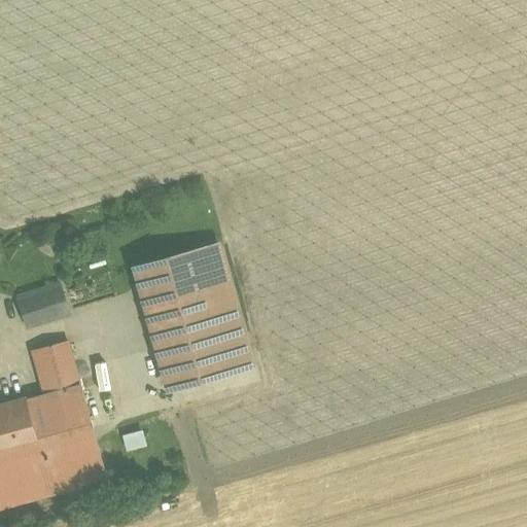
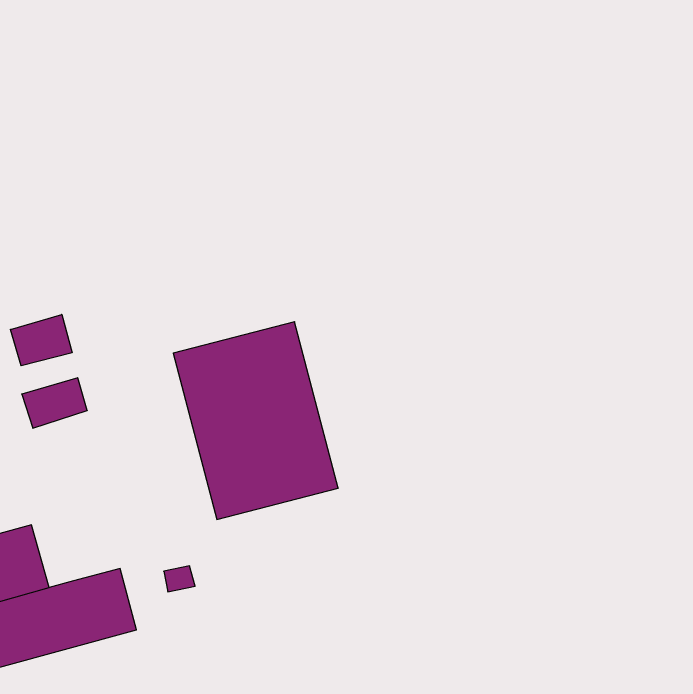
building: none -> [10,314,72,366]
building: [31,339,91,438] -> none

